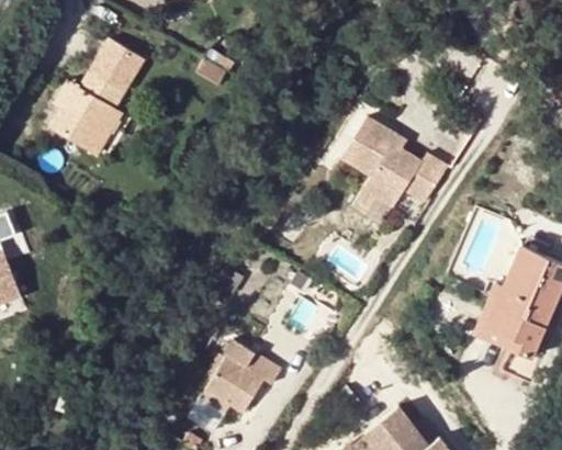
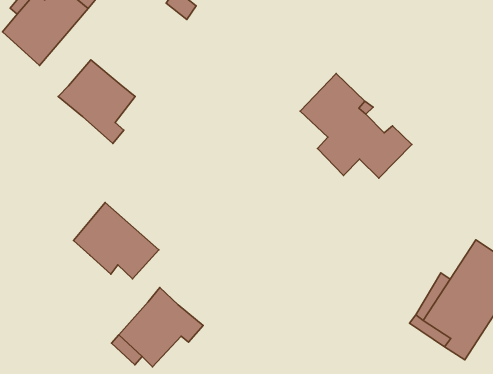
building: none -> [58,60,135,143]
building: none -> [73,203,159,279]

